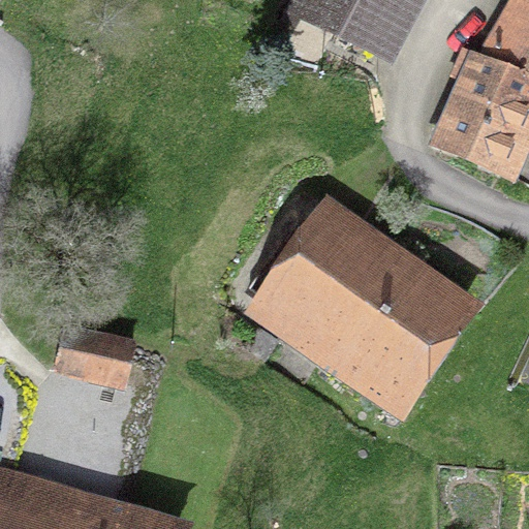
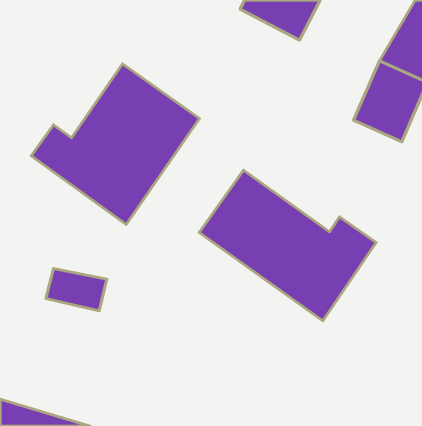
building: none -> [31,64,200,225]

